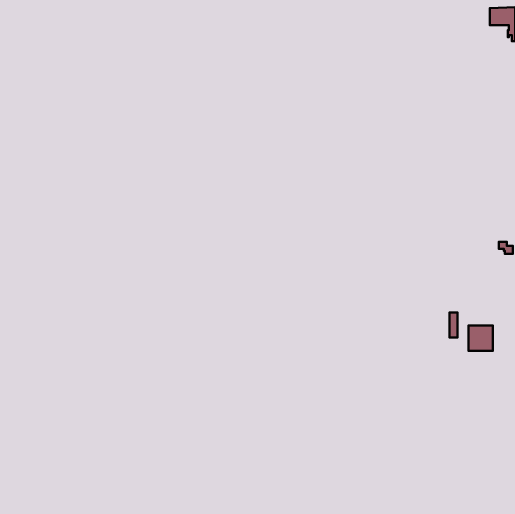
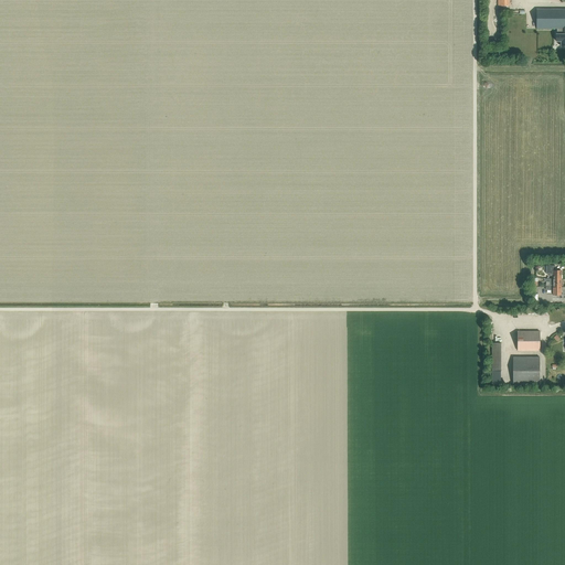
building: none -> [518,330,540,350]

